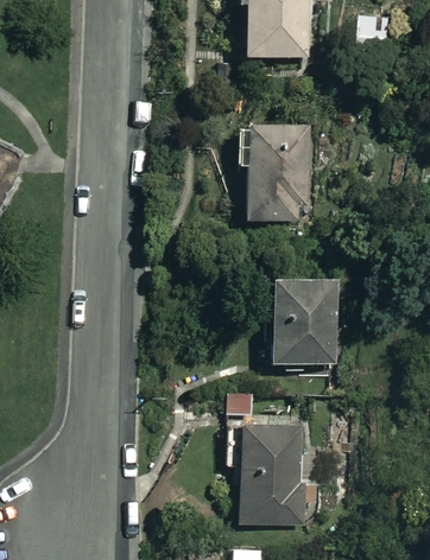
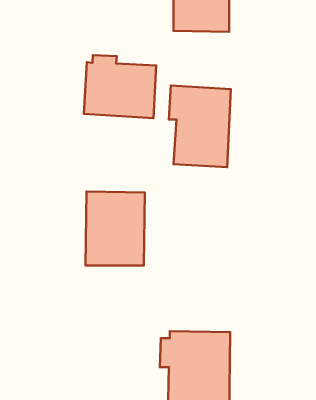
building: none -> [84,55,156,118]
building: [267,274,340,364] -> [85,192,145,266]

